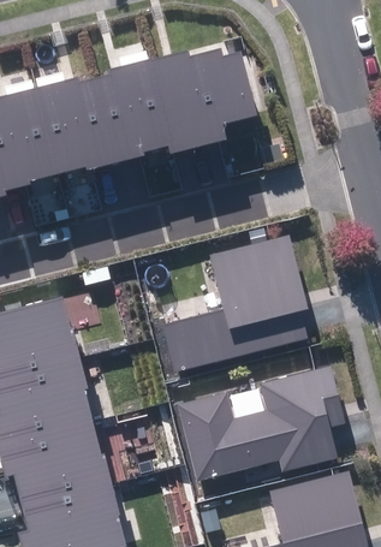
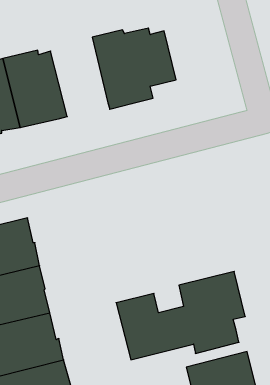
building: [93,60,167,163] -> none
building: [162,233,309,373] -> none

